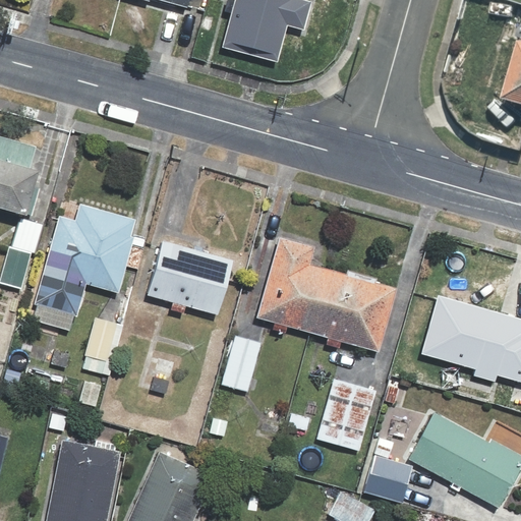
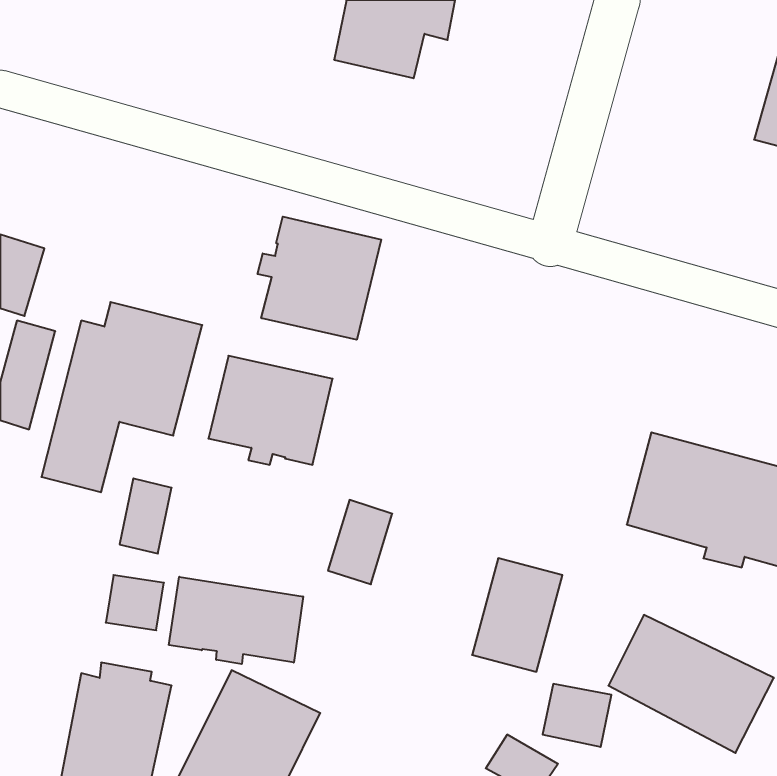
building: none -> [258,217,381,340]
building: [254,235,399,352] -> none
building: none -> [169,577,303,664]

